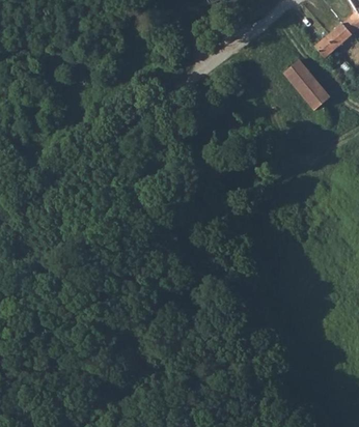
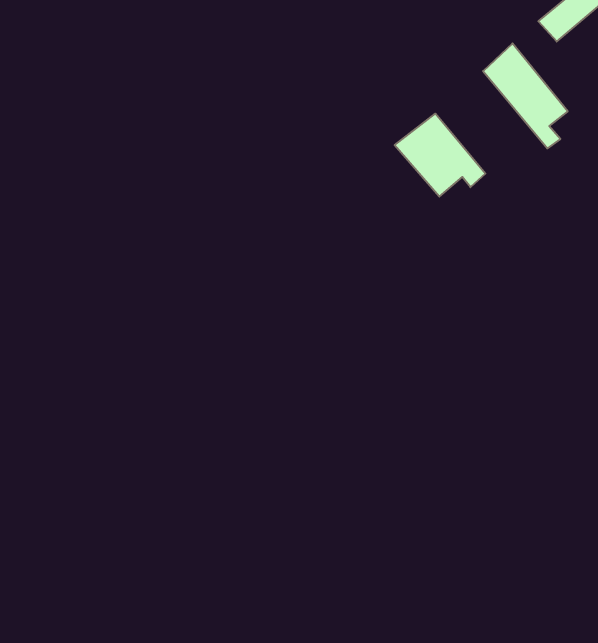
building: none -> [395,114,485,197]

